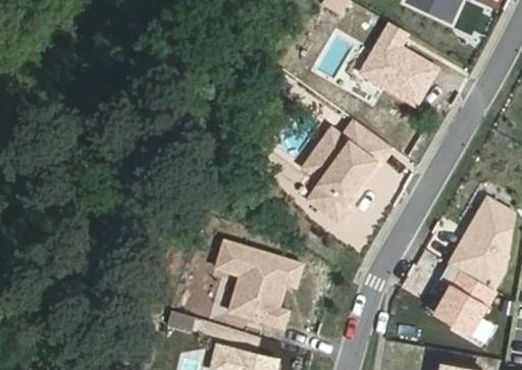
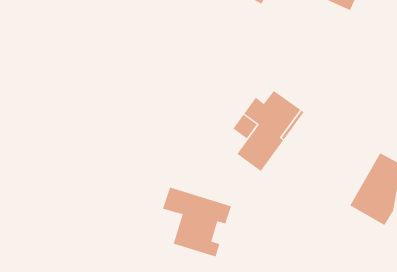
building: [359,20,437,104] -> none
building: [434,263,495,334] -> none

